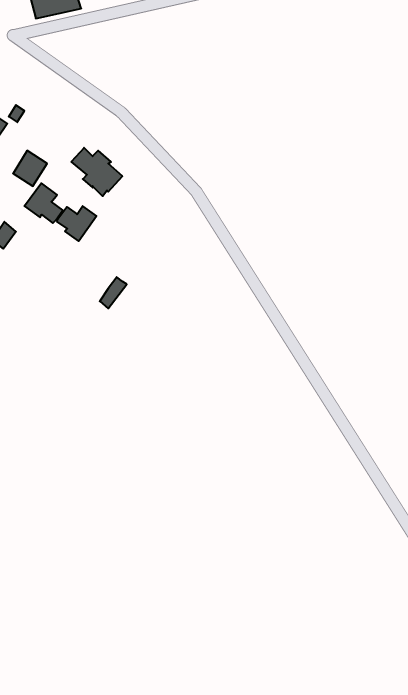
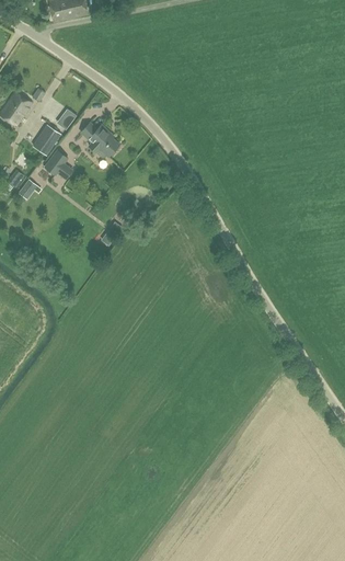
building: [57,206,96,241] -> none

